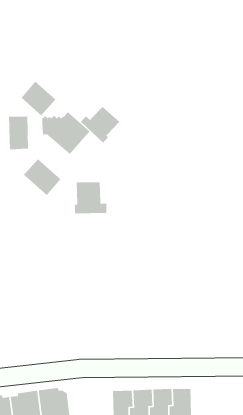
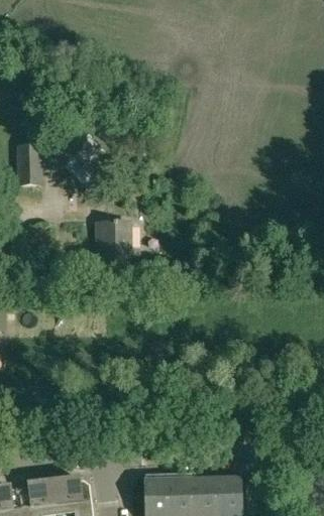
building: [21,81,56,116] -> none
building: [80,106,120,143] -> none
building: [23,158,61,196] -> none

